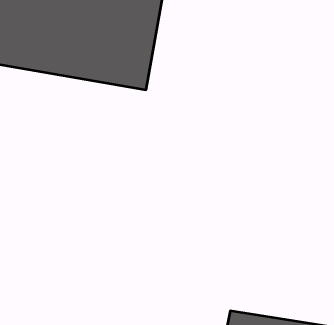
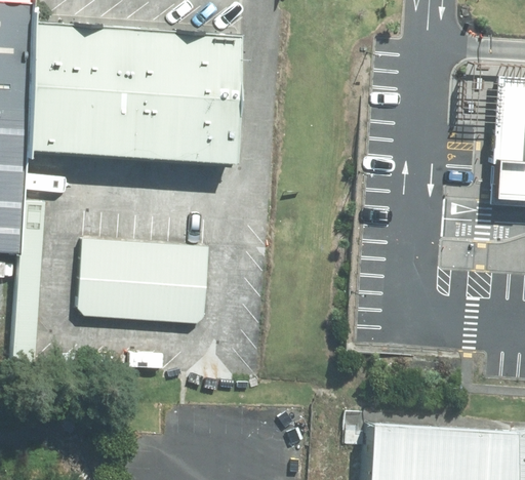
building: none -> [78,239,208,325]

